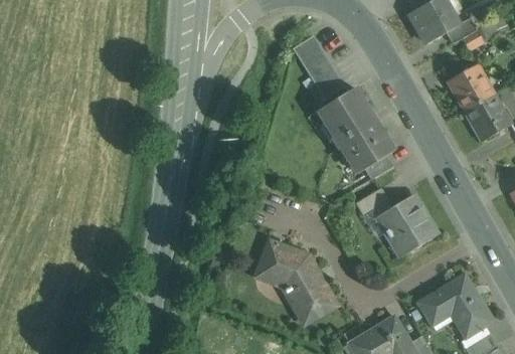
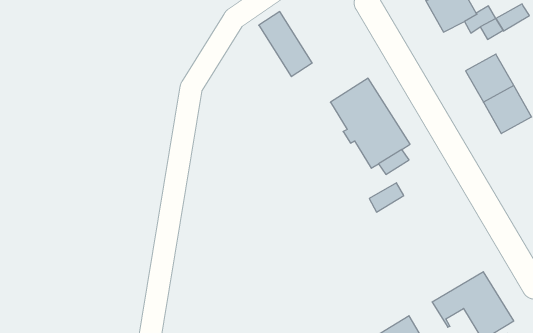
building: [293,36,344,99] -> [259,12,312,77]
building: [378,196,436,255] -> none
building: [256,242,336,324] -> none

